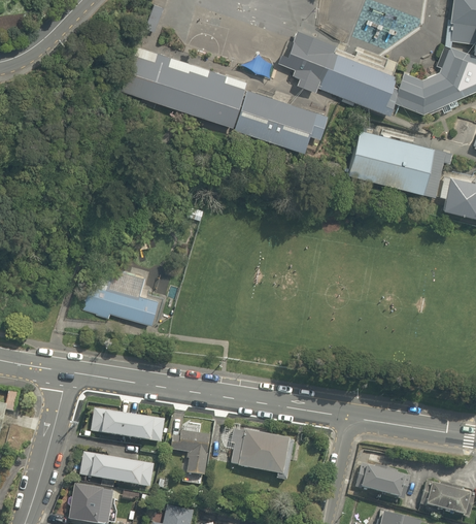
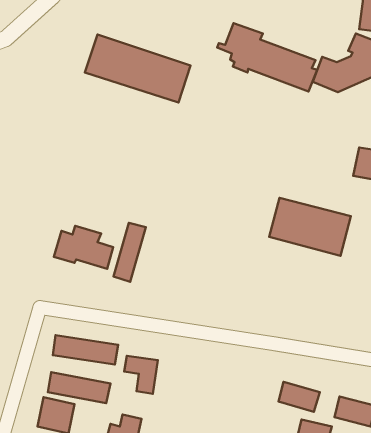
building: [236,90,329,153] -> none
building: [347,134,445,203] -> [269,198,351,256]
building: none -> [113,223,146,282]
building: [229,426,293,478] -> none

